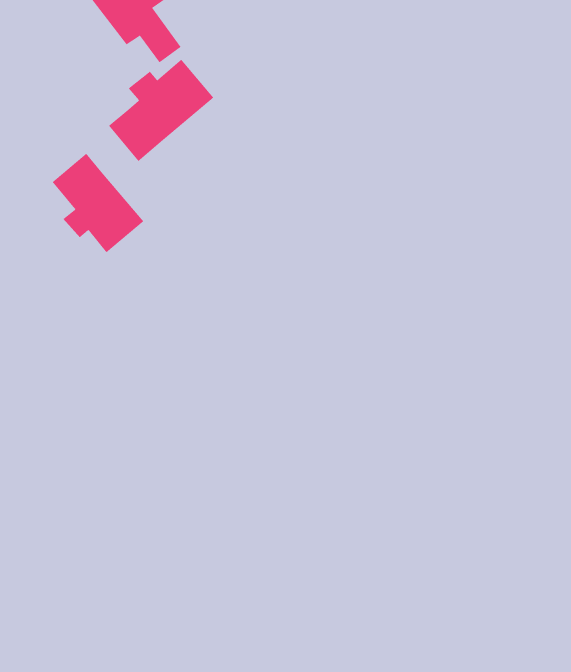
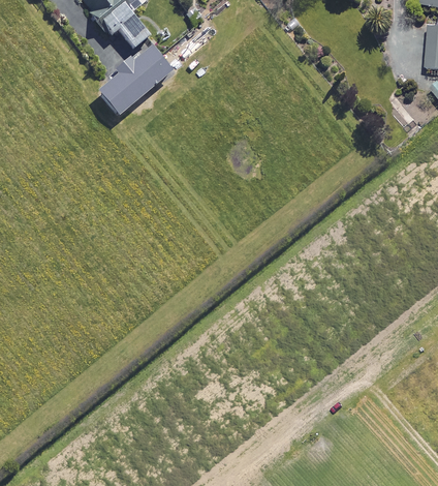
building: [52,153,144,253] -> none

